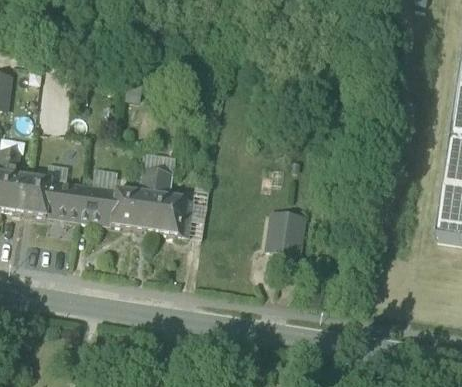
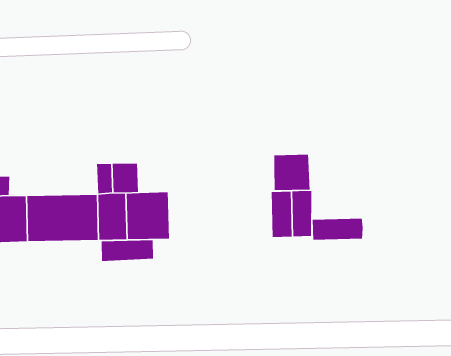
building: none -> [273,154,310,191]
building: none -> [101,239,154,262]
building: none -> [312,218,364,241]

